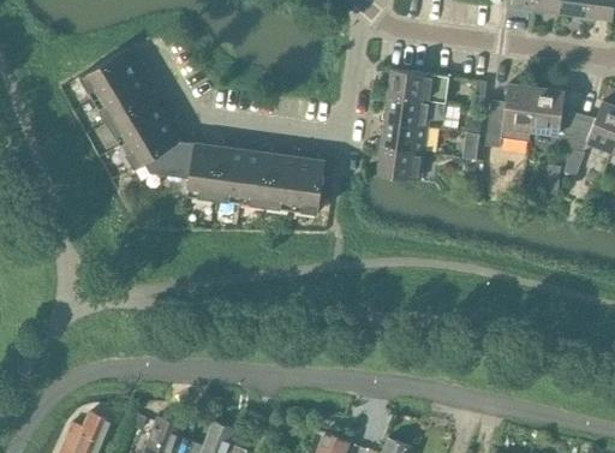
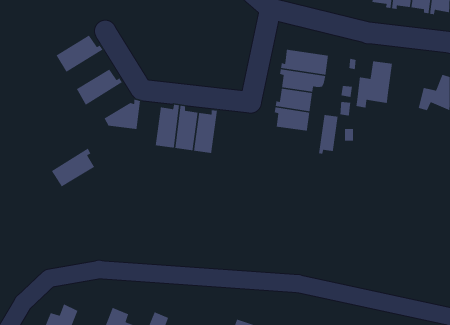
building: [94,70,153,123] -> none
building: [530,88,577,149] -> none
building: [120,114,180,168] -> [51,148,95,188]
building: [187,138,221,199] -> none
building: [291,151,326,214] -> none
building: none -> [318,114,338,154]

